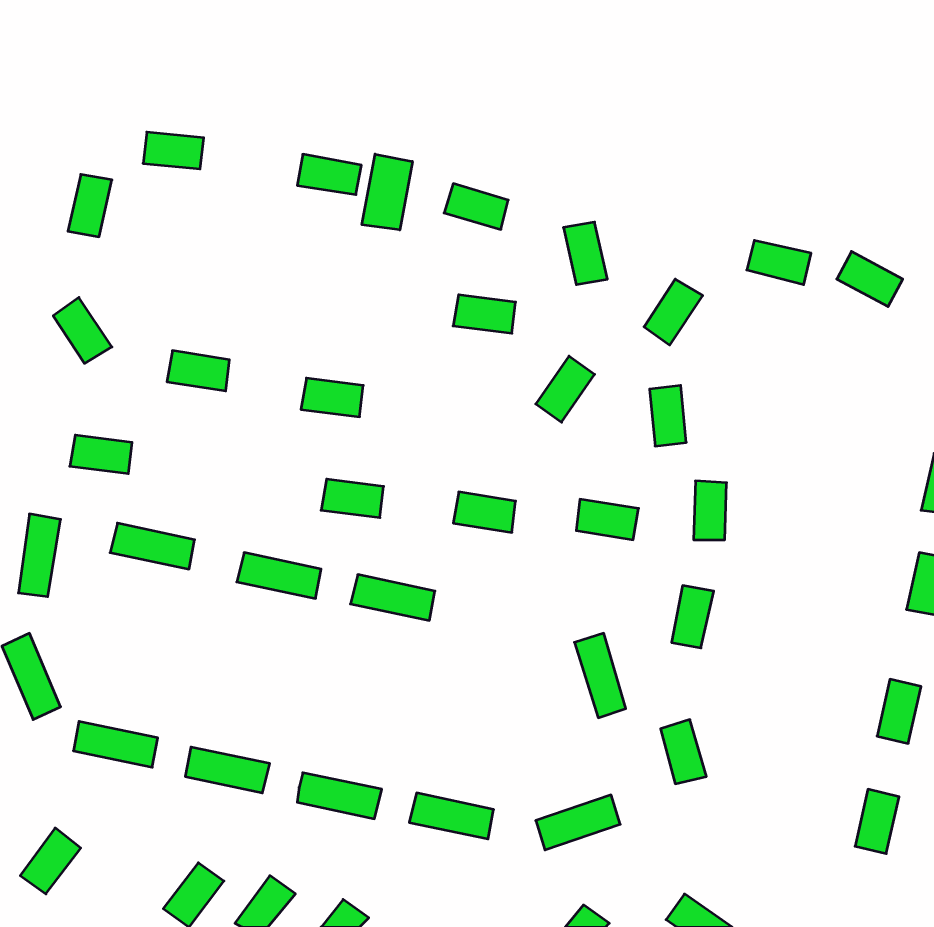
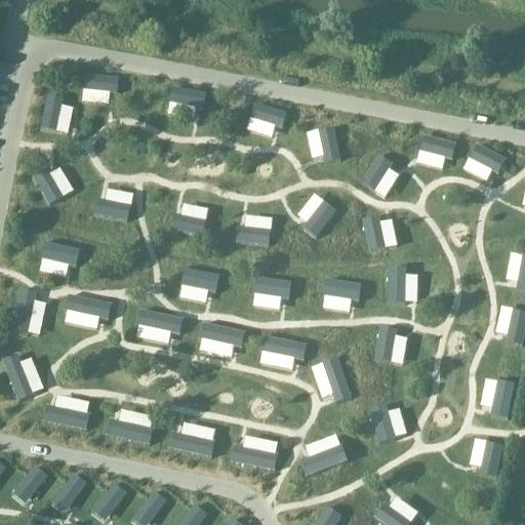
building: [362,154,412,230] -> none
building: [453,295,516,333] -> [236,225,271,246]
building: none -> [261,334,309,360]
building: none -> [53,472,87,509]

